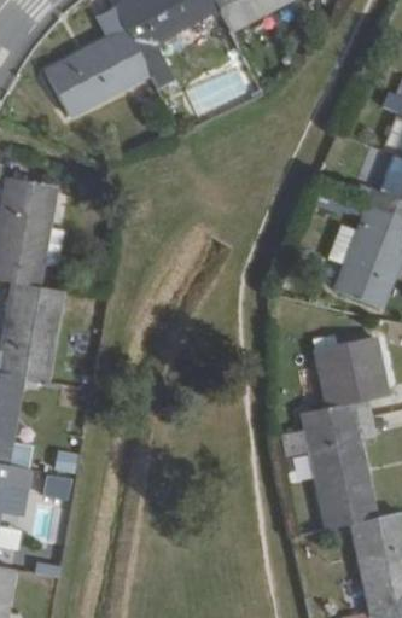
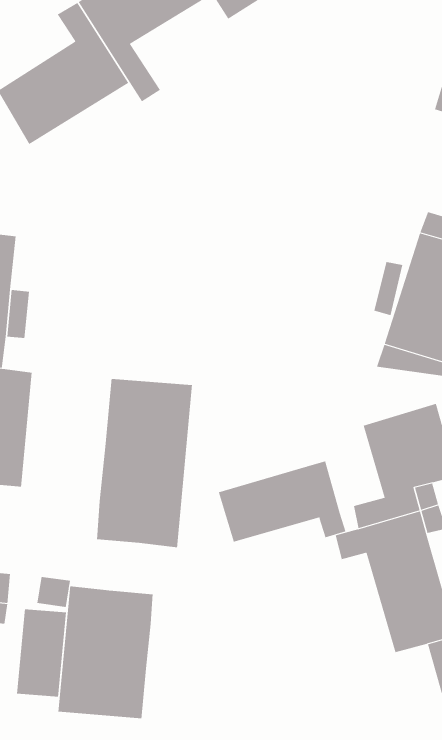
building: none -> [96,378,192,548]
building: none -> [218,460,346,543]
building: none -> [58,585,153,719]

